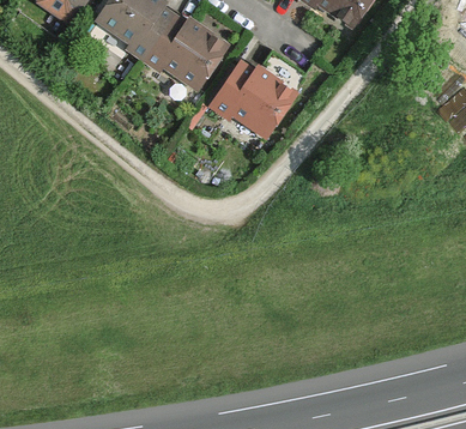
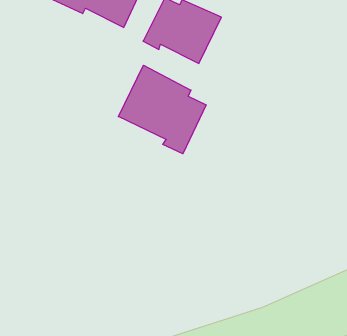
building: none -> [118,65,206,154]

